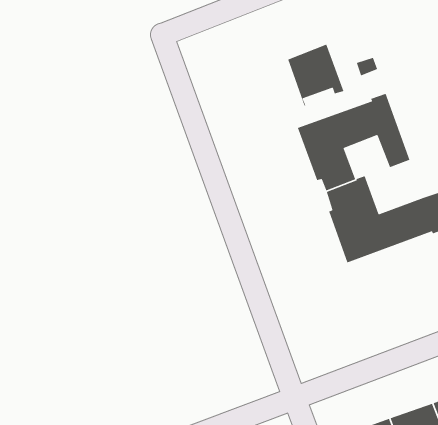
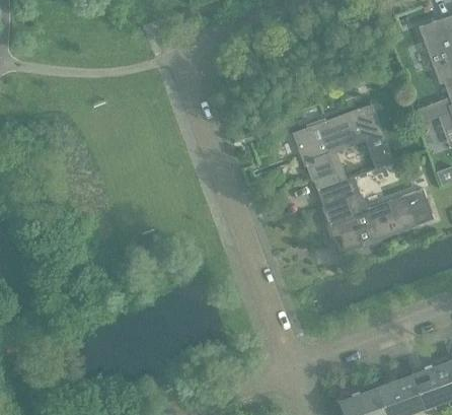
building: [287,44,345,106] -> none

